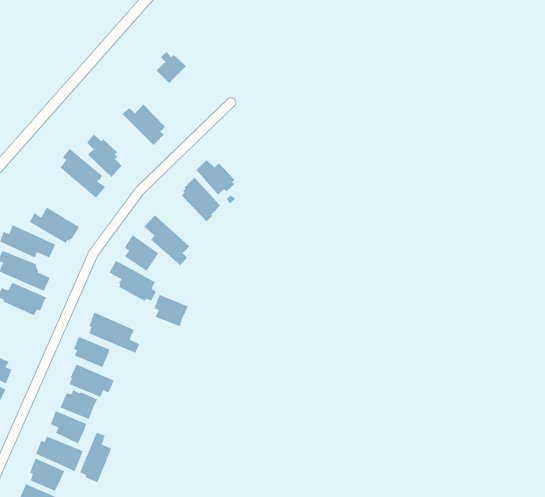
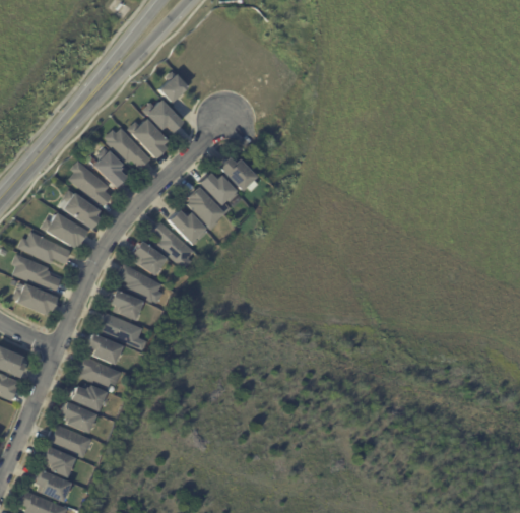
building: none -> [146,101,188,132]
building: none -> [107,129,153,169]
building: none -> [216,156,253,190]
building: none -> [63,190,101,229]
building: none -> [166,209,202,242]
building: [153,294,189,327] -> [107,288,139,319]
building: [79,432,112,483] -> none

